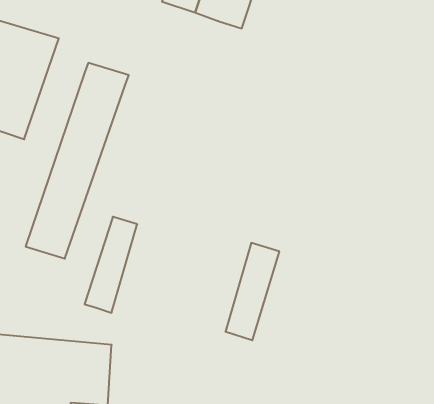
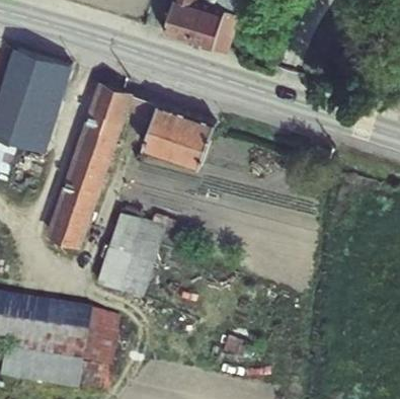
building: none -> [144,105,215,167]
building: [225,243,279,340] -> [117,218,162,298]

